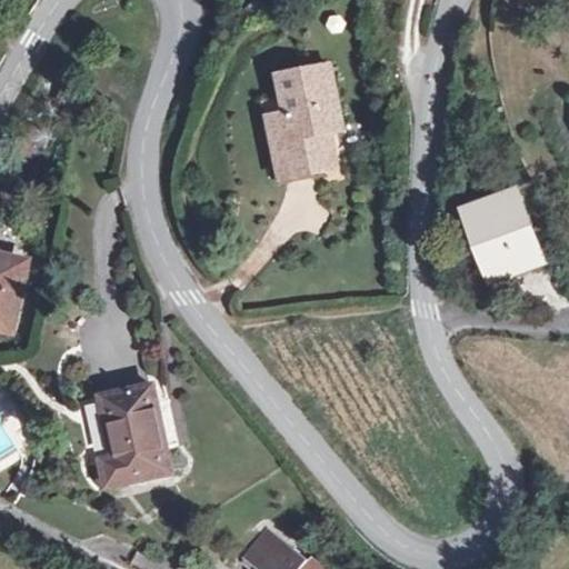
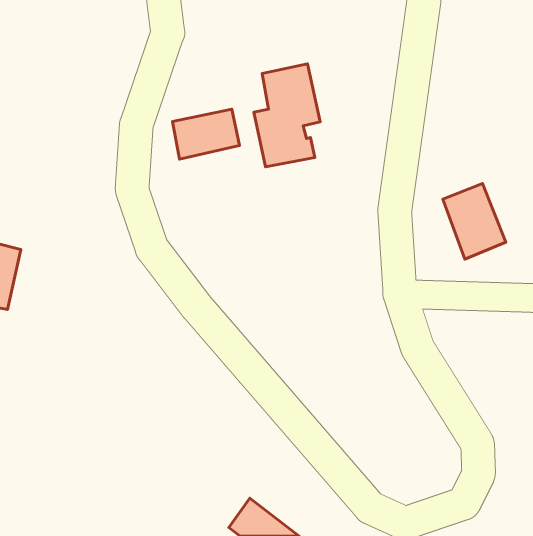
building: none -> [172,109,239,159]
building: [100,387,169,487] -> none

